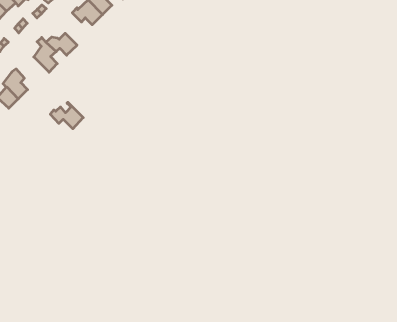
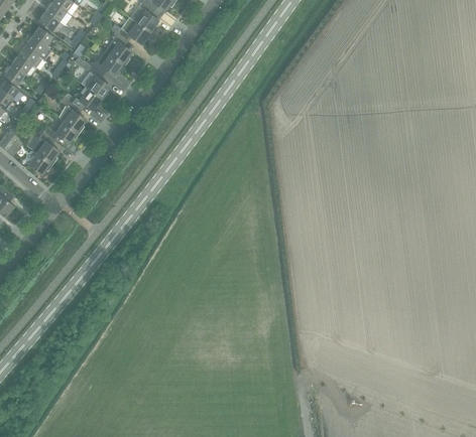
building: none -> [81,66,110,99]
building: [50,102,83,129] -> [43,118,78,144]

